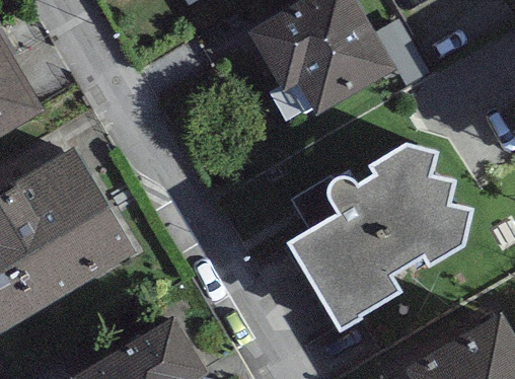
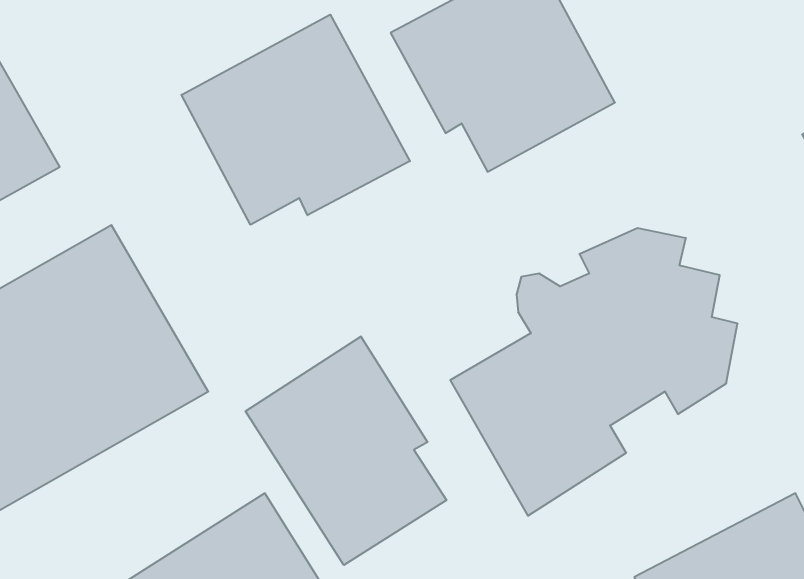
building: none -> [181,15,410,225]
building: none -> [246,336,446,565]

